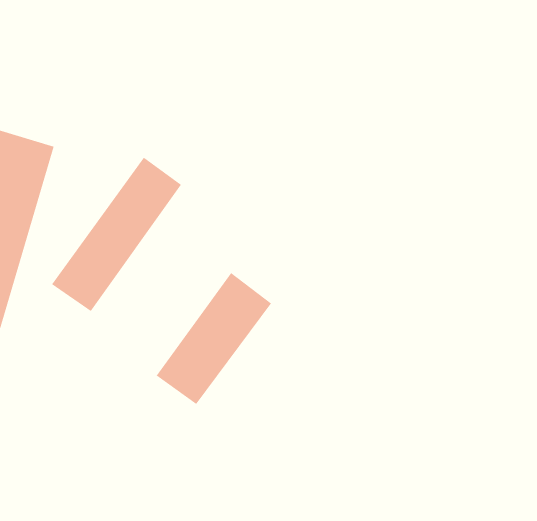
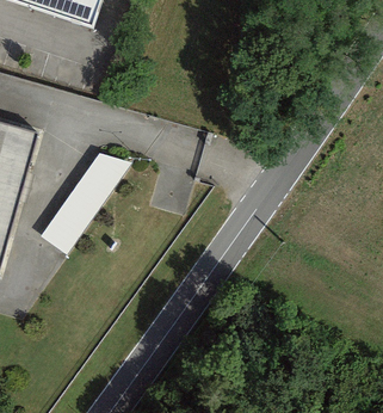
building: [156,272,272,405] -> none

